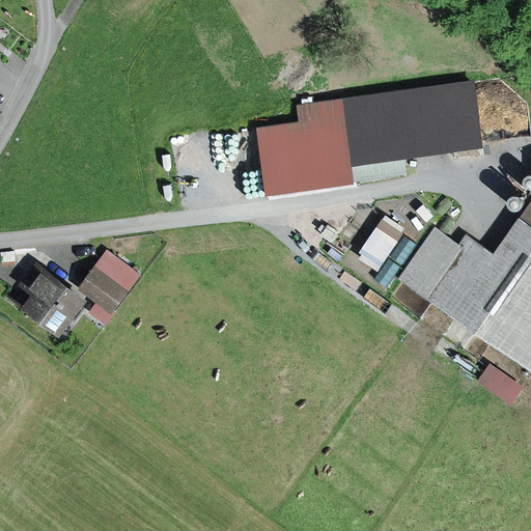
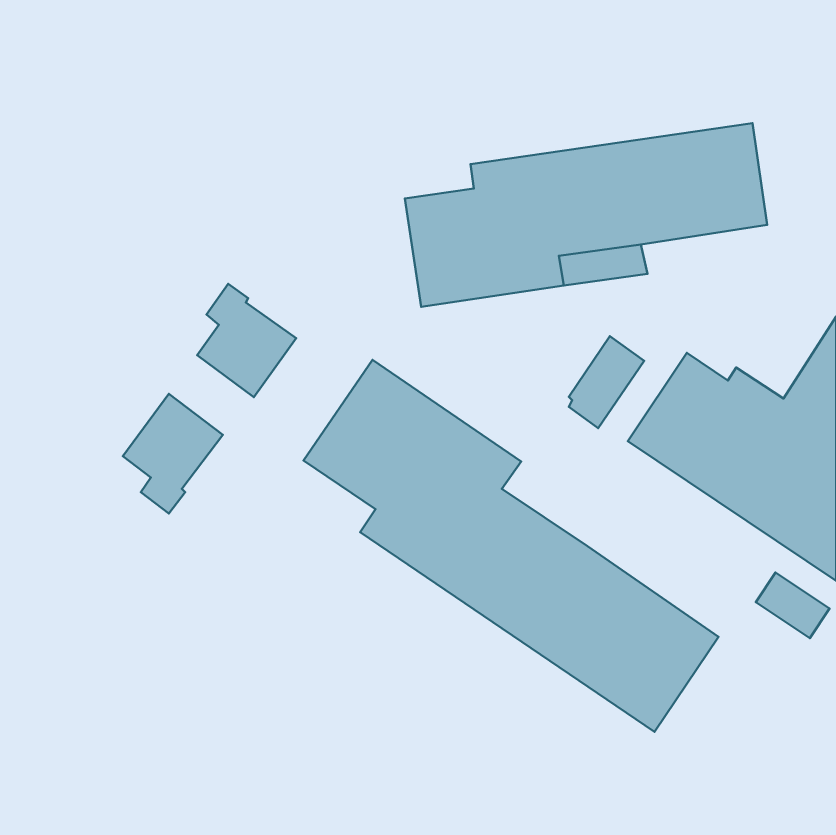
building: none -> [197,284,296,397]
building: none -> [303,360,719,732]
building: [20,262,87,335] -> none

